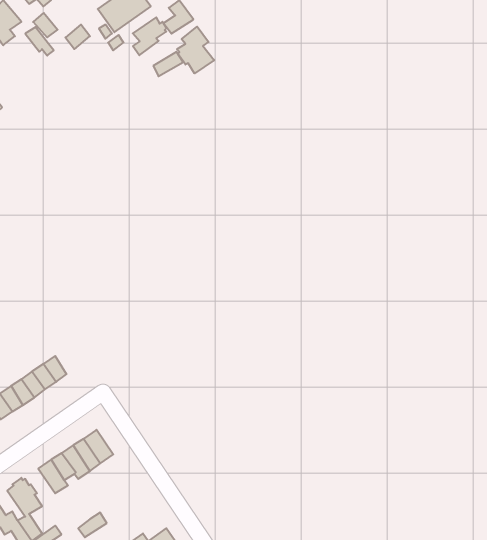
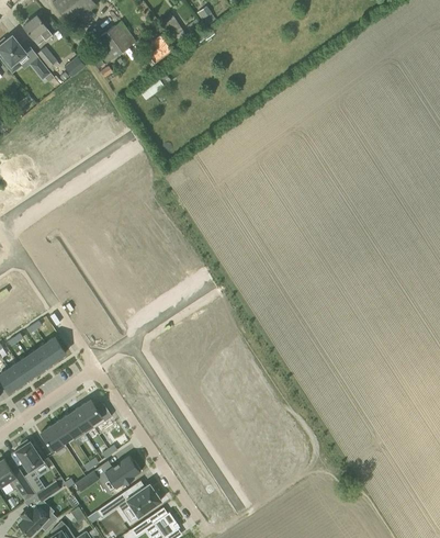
building: [133,17,167,55] -> none
building: [177,27,214,73] -> none
building: none -> [104,457,140,489]

